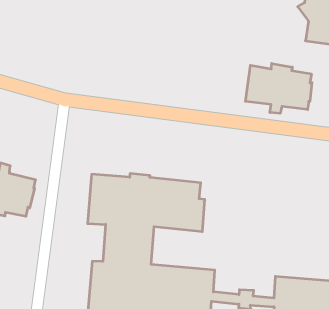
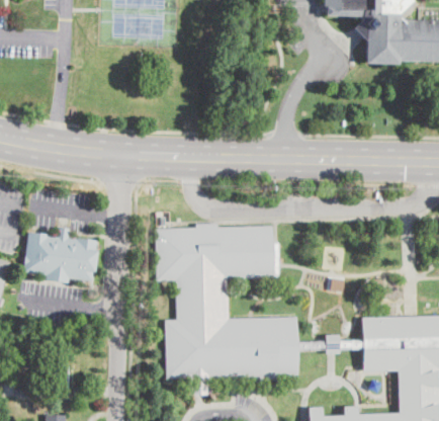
building: [245,63,312,113] -> none

